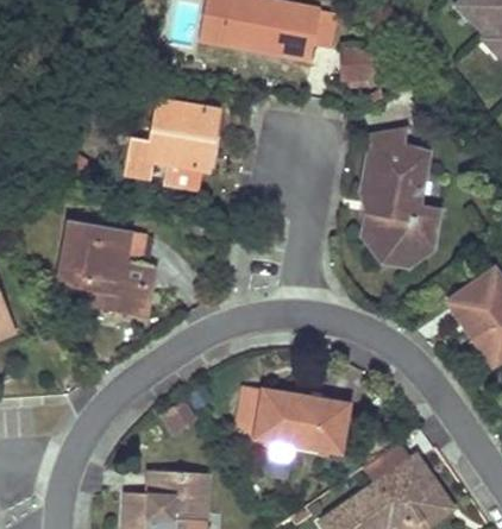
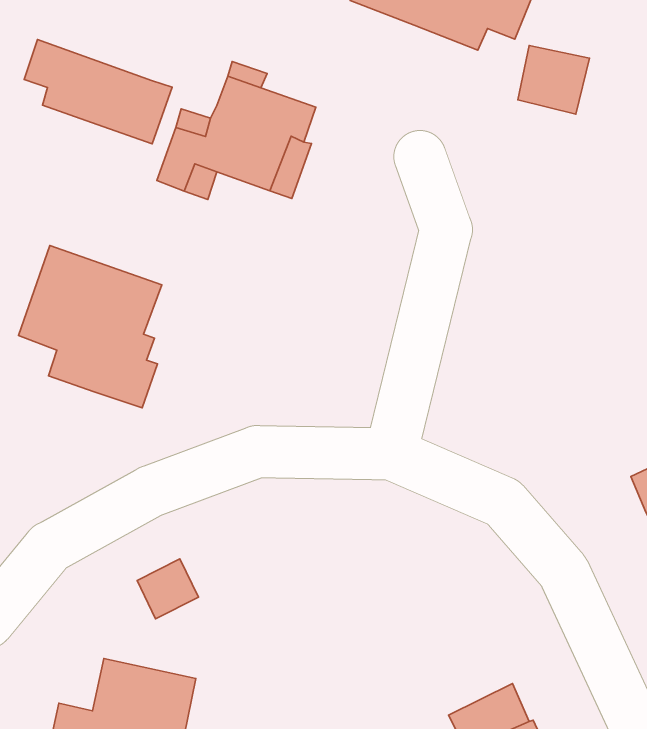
building: none -> [24,39,172,144]
building: [363,138,437,264] -> none
building: [237,388,347,451] -> none

